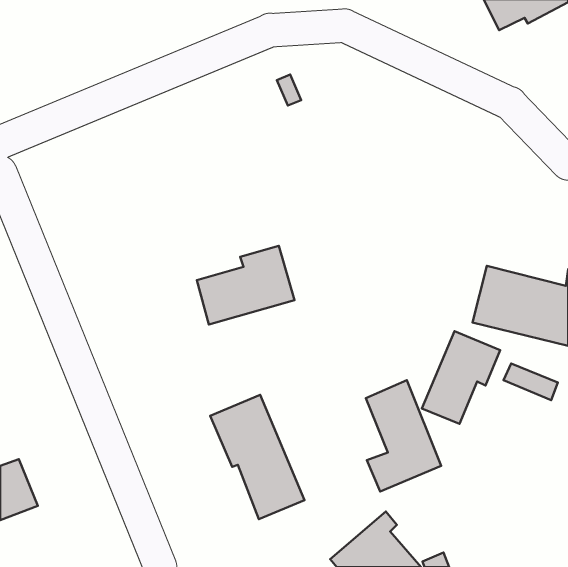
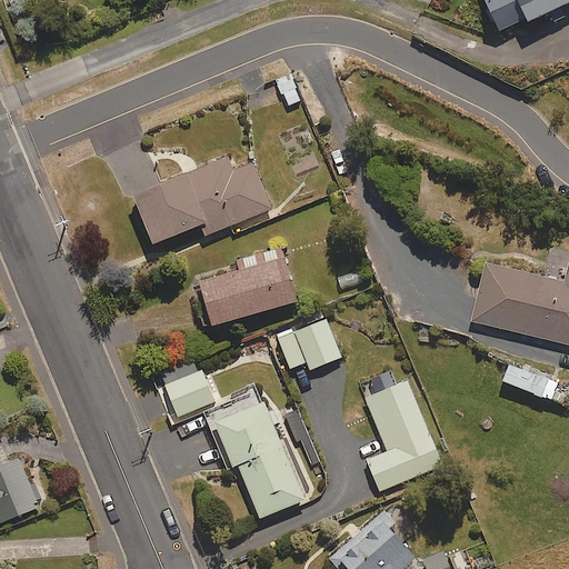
building: none -> [132,157,270,244]
building: none -> [277,318,341,369]
building: [422,331,500,424] -> none
building: none -> [162,369,216,419]

